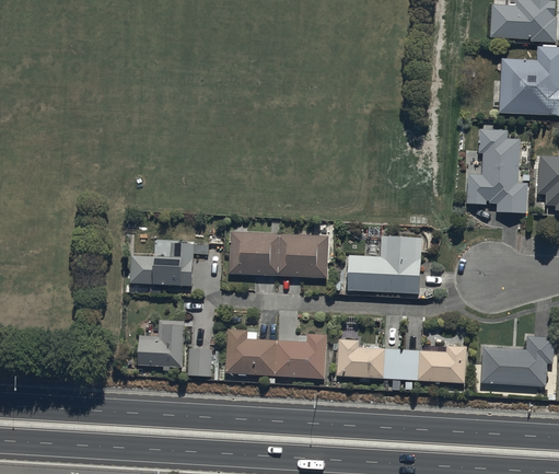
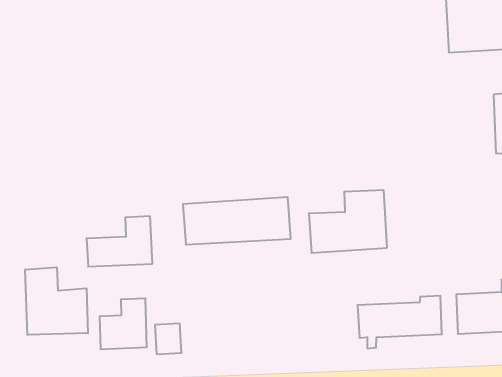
building: [466,128,529,213] -> none
building: none -> [25,267,88,335]
building: [225,330,327,380] -> none
building: [337,338,386,379] -> none

